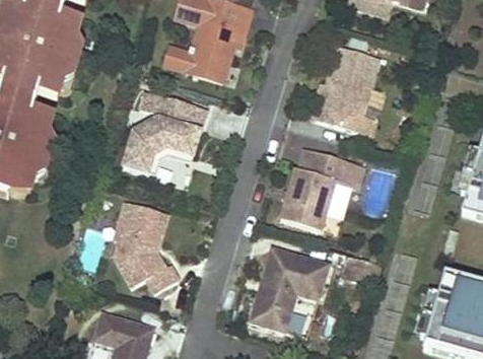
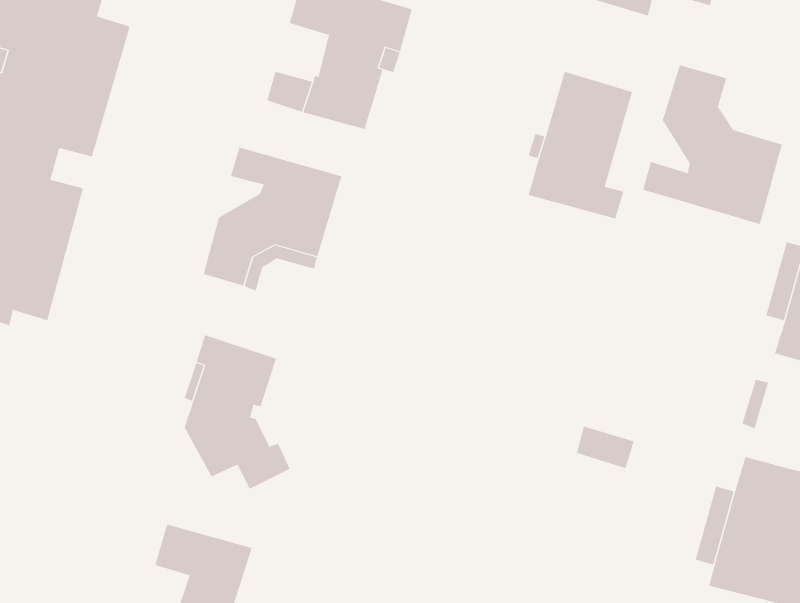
building: none -> [642,64,783,225]
building: [281,146,364,229] -> none
building: [252,247,329,331] -> none

